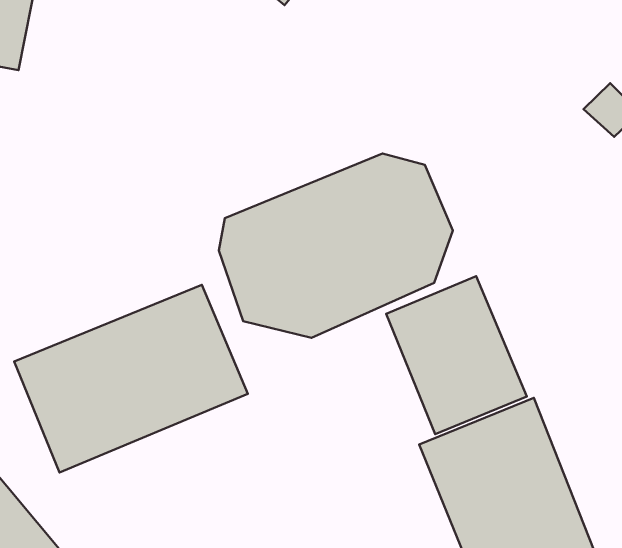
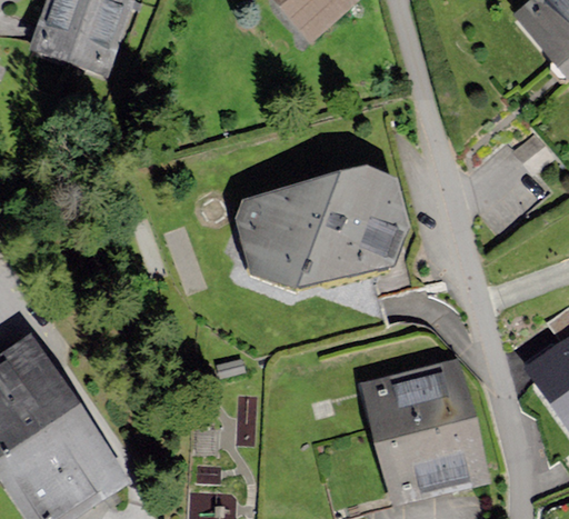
building: [386,276,527,434] -> none
building: [14,285,248,472] -> none

